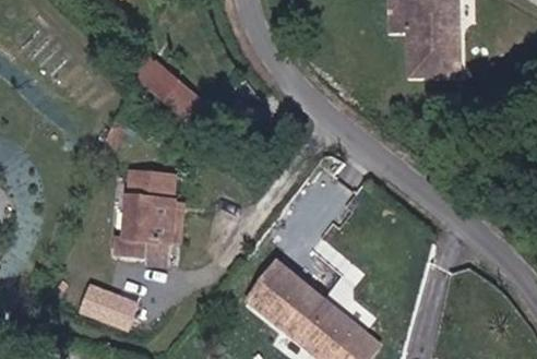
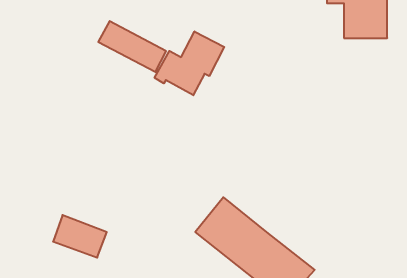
building: none -> [155,31,224,95]
building: [111,171,175,249] -> none

